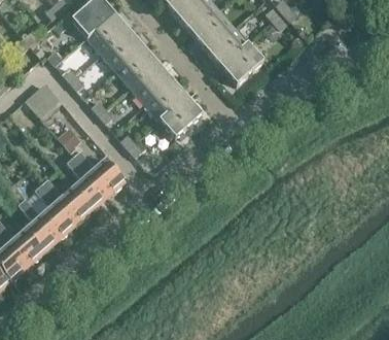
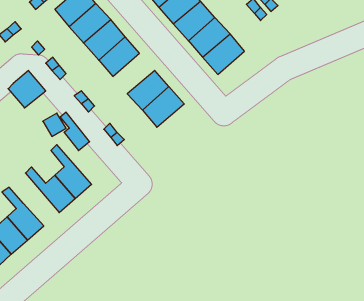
building: [130,62,172,103] -> none
building: [73,149,122,195] -> none
building: [34,183,75,237] -> none

